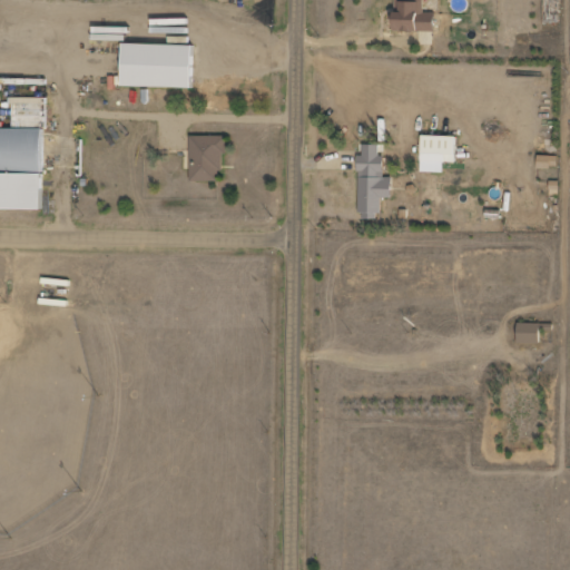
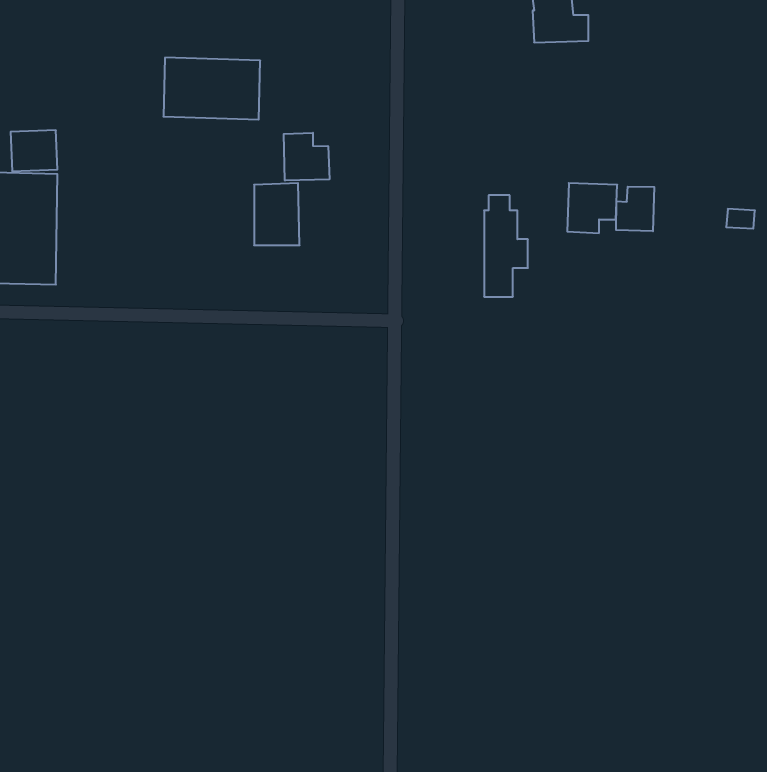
building: none -> [284,133,329,181]
building: none -> [616,187,654,231]
building: [515,322,538,342] -> none

